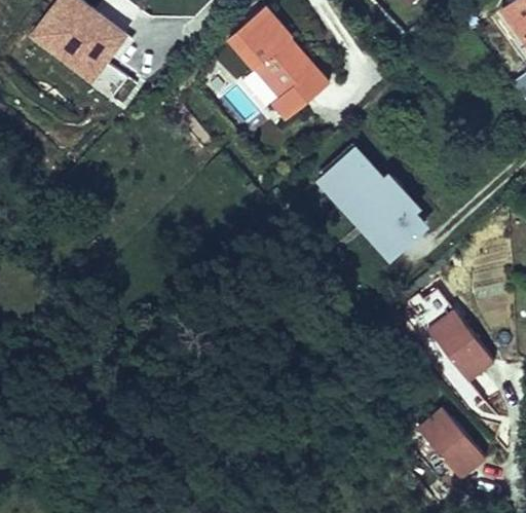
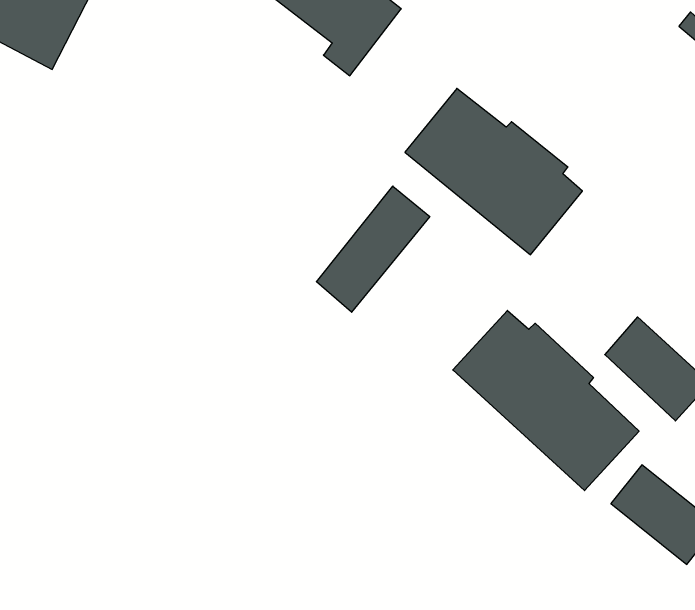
building: none -> [316,186,430,312]
building: none -> [453,310,639,491]

